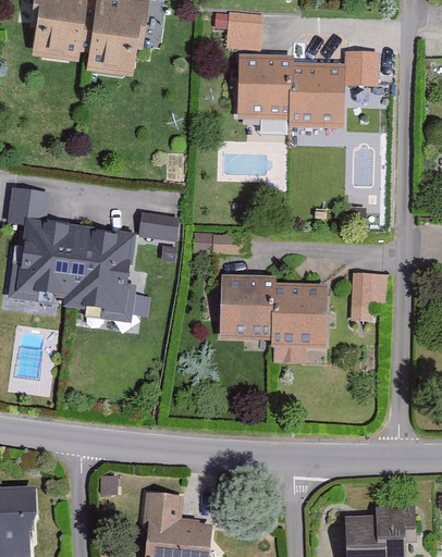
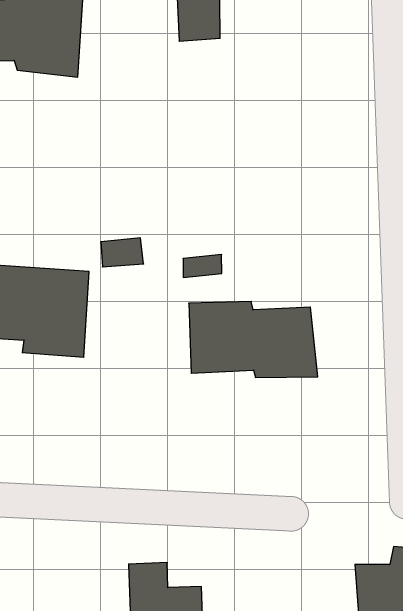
building: [345,51,380,85] -> none
building: [233,54,340,127] -> none
building: [352,274,392,318] -> none

